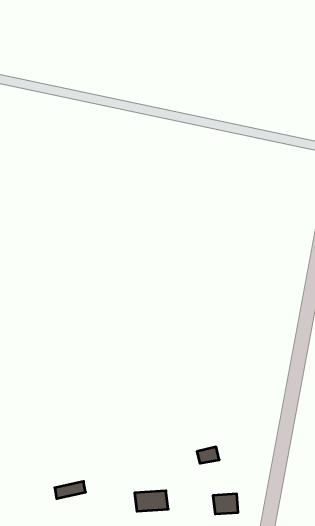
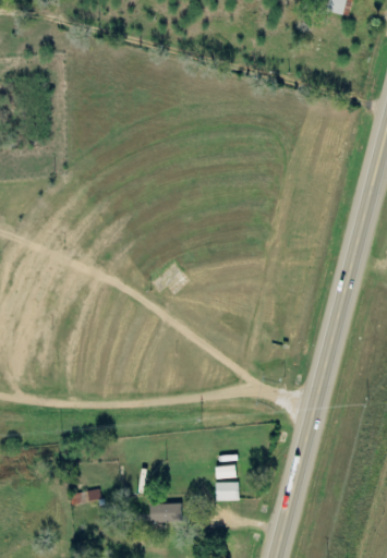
building: [213,494,238,514] -> [215,482,239,500]

